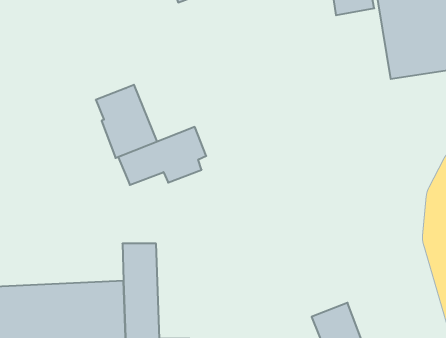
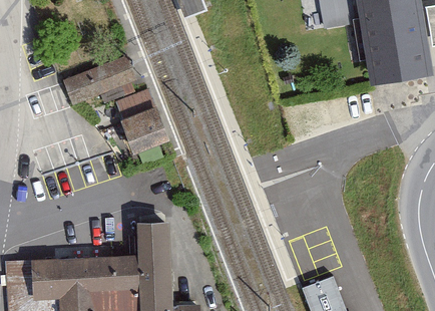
building: [118,127,206,185] -> [61,54,137,104]

